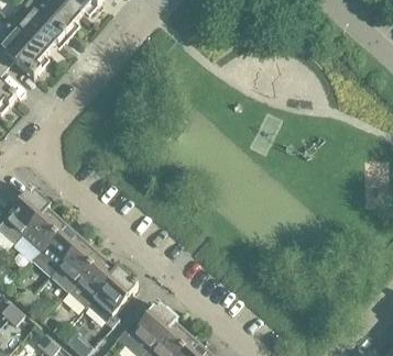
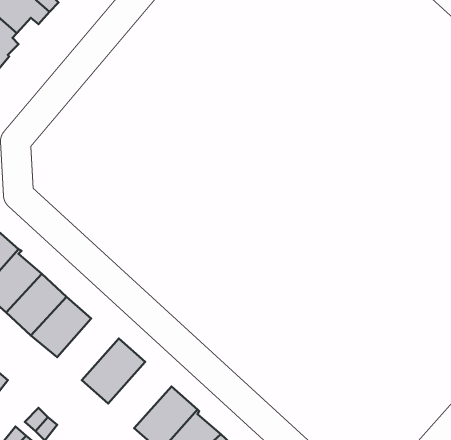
building: [76,257,120,301] -> none

